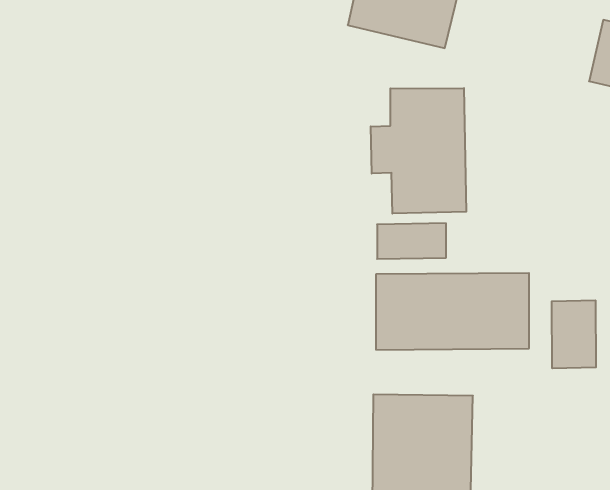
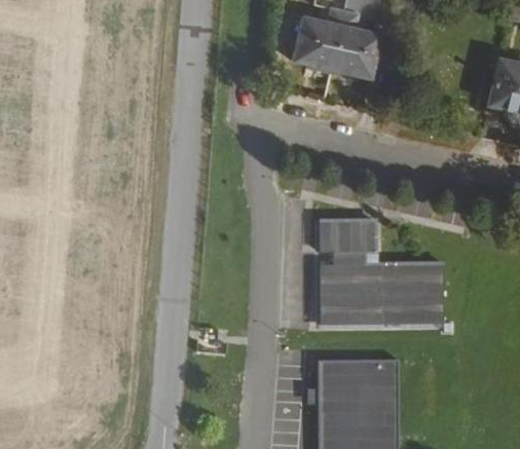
building: [371,88,466,214] -> none
building: [552,300,596,368] -> none

